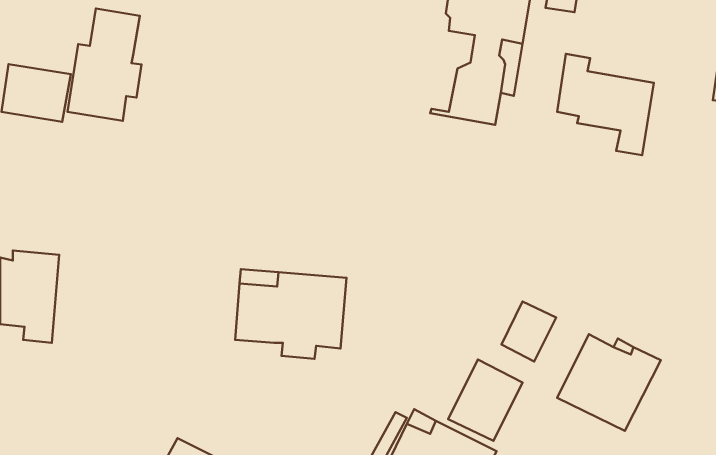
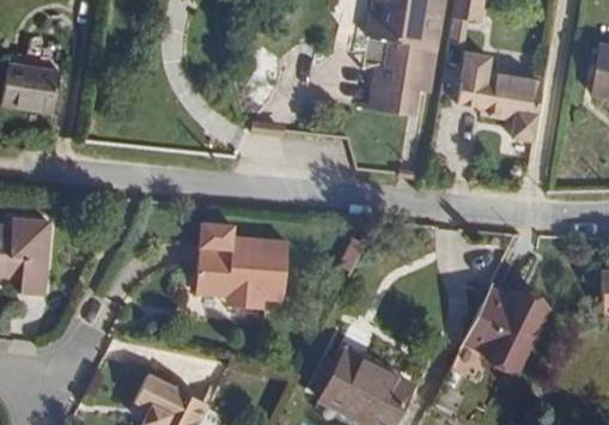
building: [68,9,142,121] -> none
building: [501,302,556,361] -> none
building: [448,360,522,441] -> none

